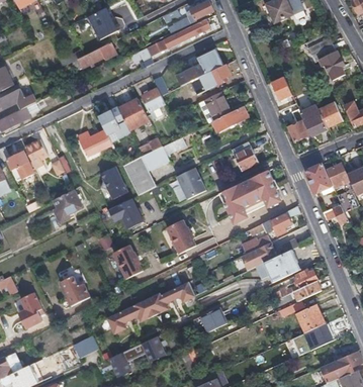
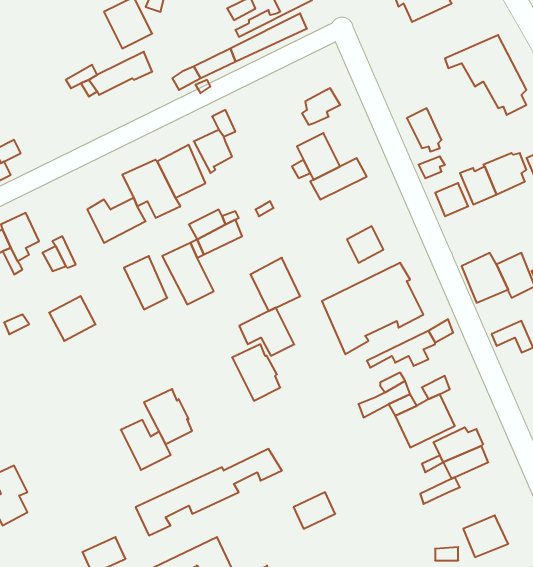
building: [178,50,222,85] -> none
building: [110,198,144,227] -> [239,308,294,356]
building: [58,277,88,307] -> [121,420,171,470]
building: [297,303,325,331] -> none

